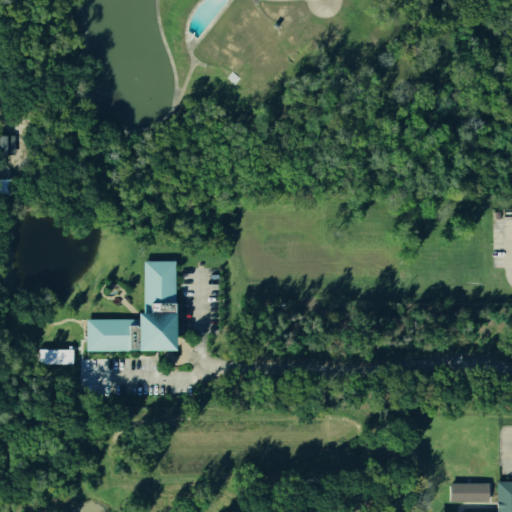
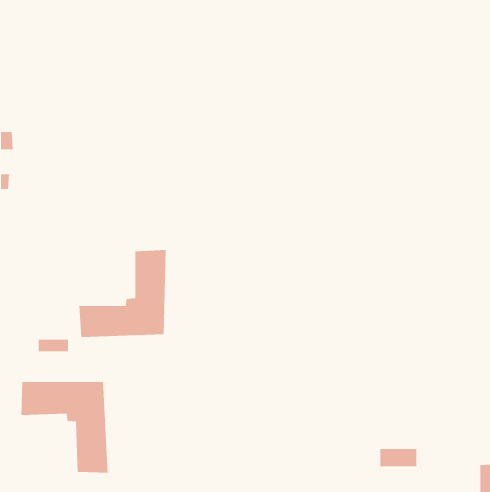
building: none -> [21,381,108,473]
building: [453,487,492,506] -> [380,449,417,467]

